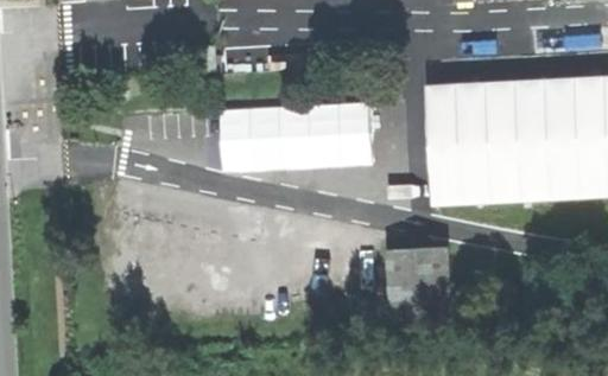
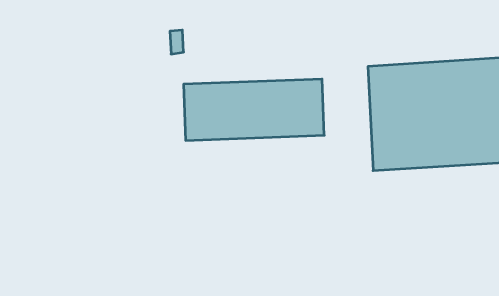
building: [388,244,450,319] -> none

